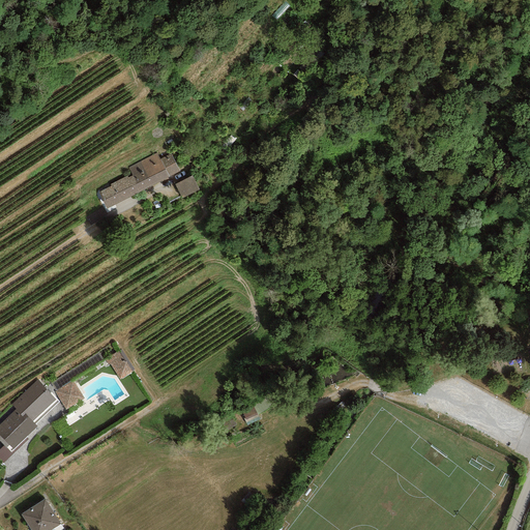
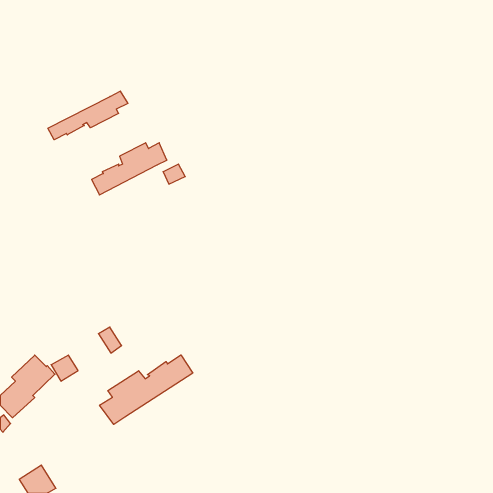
building: none -> [48,91,128,140]
building: none -> [100,355,193,424]

